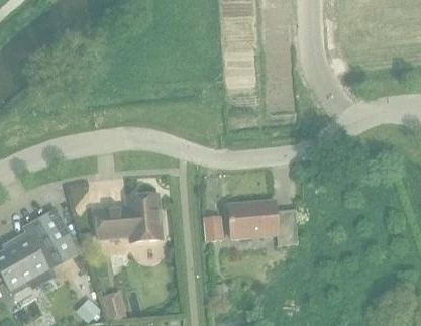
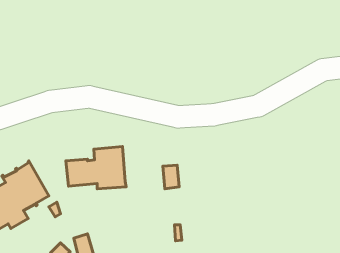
building: [227,200,297,245] -> none

